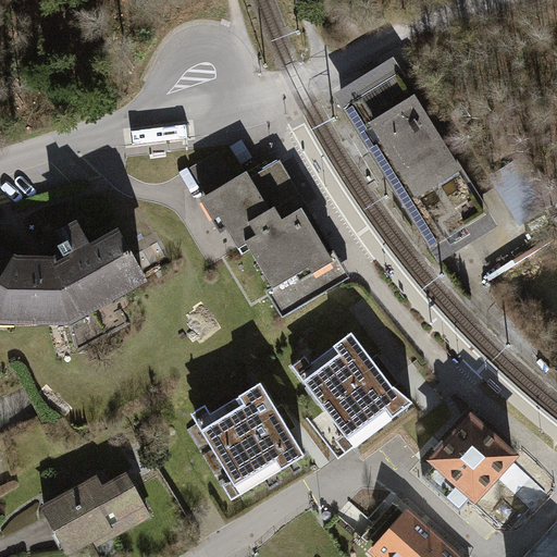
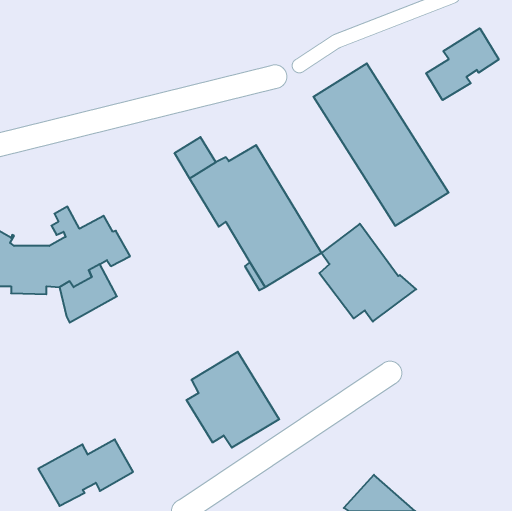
building: none -> [426,28,499,100]
building: [305,329,409,434] -> [319,224,416,322]
building: [431,416,546,521] -> none

